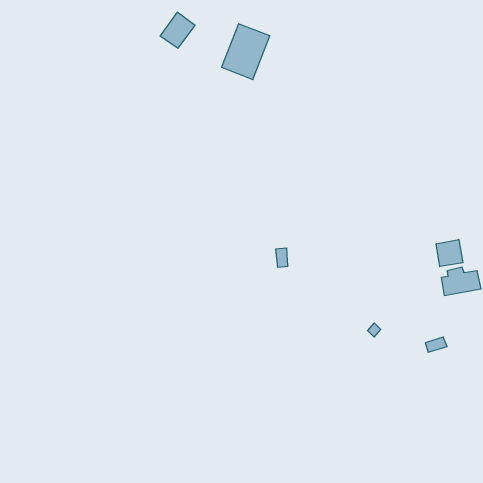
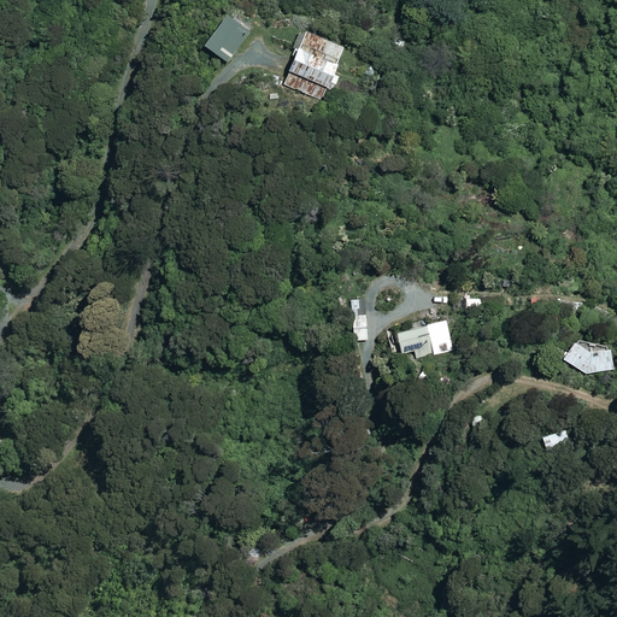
building: [436,239,463,267] -> none
building: none -> [396,319,453,357]

